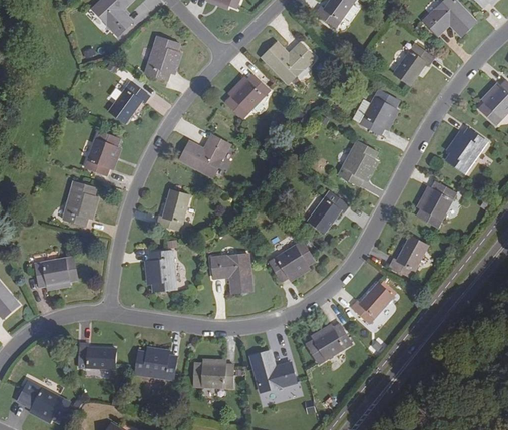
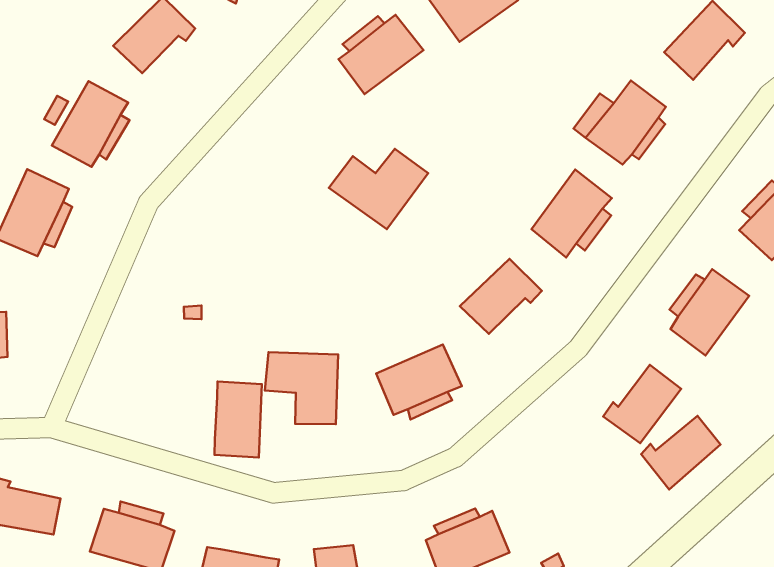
building: [179,134,229,176] -> [329,149,428,229]
building: [156,189,189,231] -> none
building: [148,251,175,291] -> [214,381,262,457]
building: [352,283,392,323] -> [641,416,720,489]

